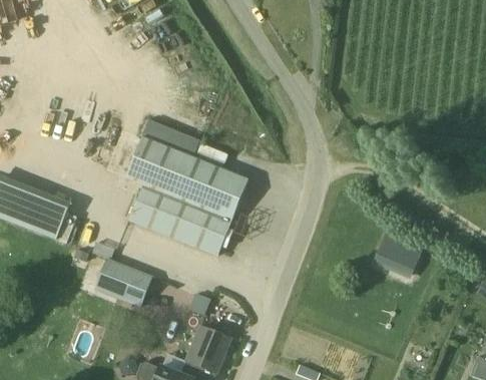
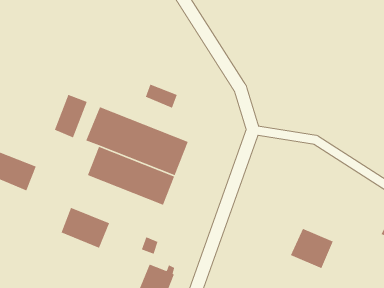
building: none -> [54,94,88,138]
building: [161,126,200,156] -> [145,84,178,109]
building: [373,228,425,277] -> [290,228,334,269]

